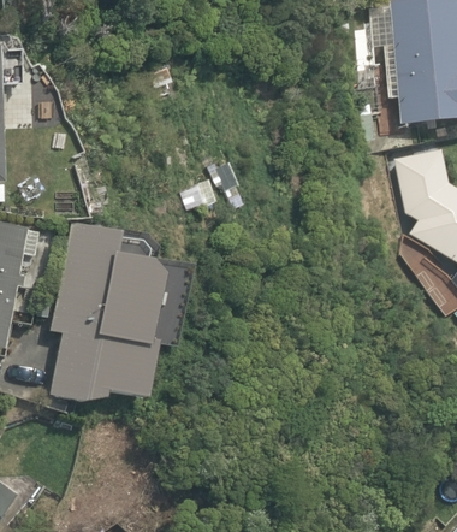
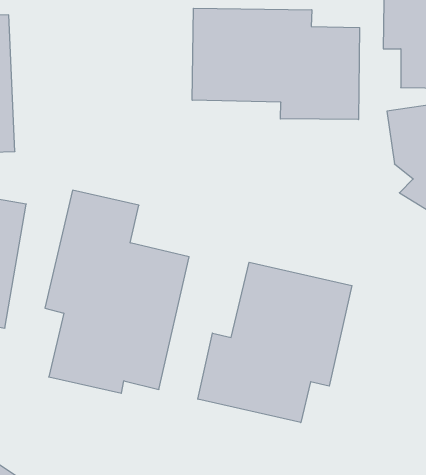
building: none -> [192,8,360,120]
building: none -> [198,262,352,423]

